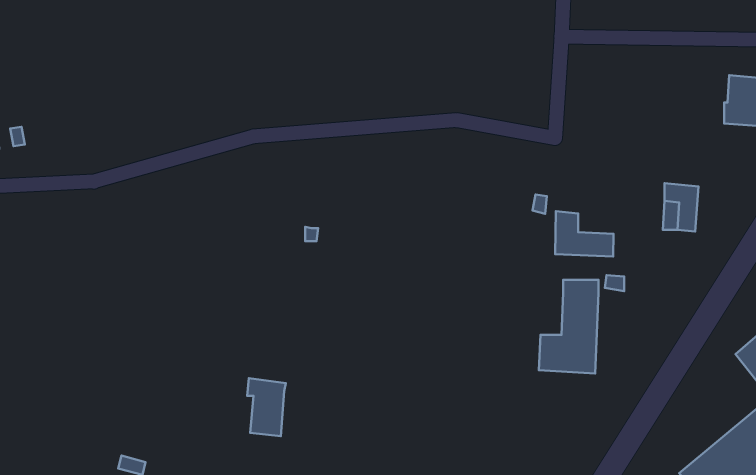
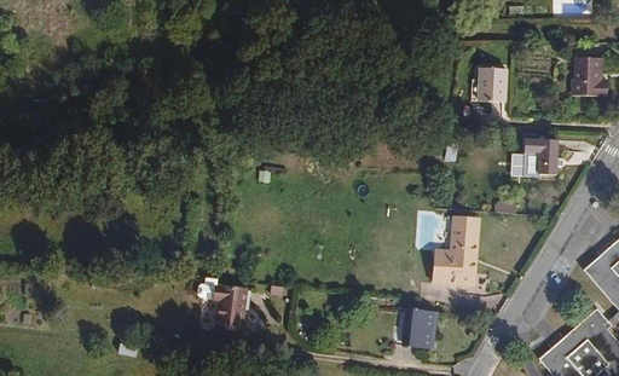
building: none -> [479,68,507,103]
building: [555,211,613,257] -> none
building: none -> [409,311,438,348]

